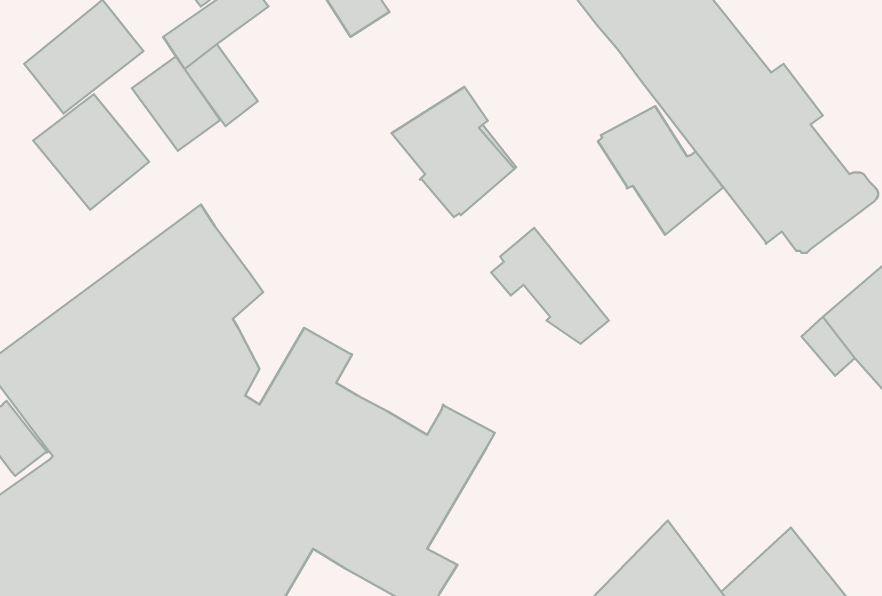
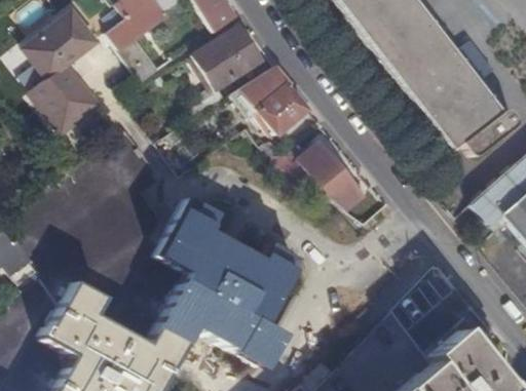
building: none -> [193,27,263,91]
building: [132,56,220,151] -> none
building: [598,106,723,235] -> none

